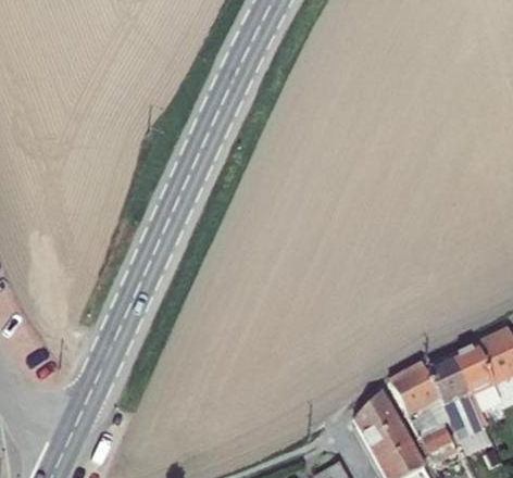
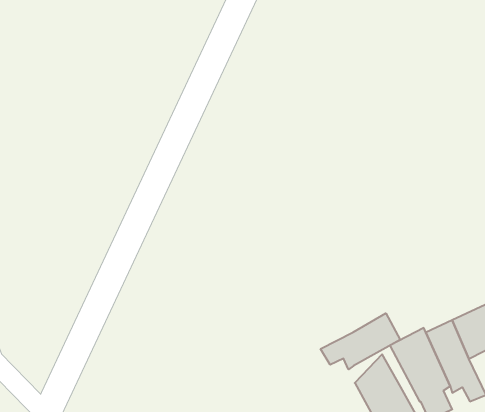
building: none -> [321,313,400,369]

